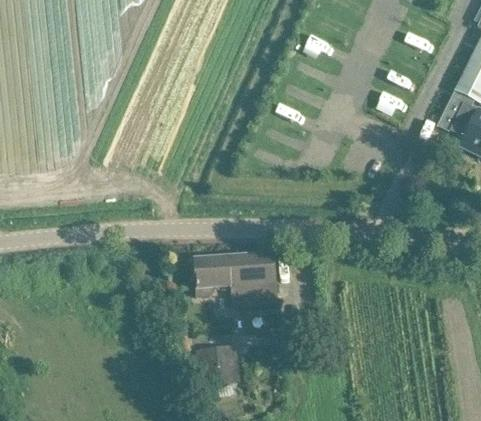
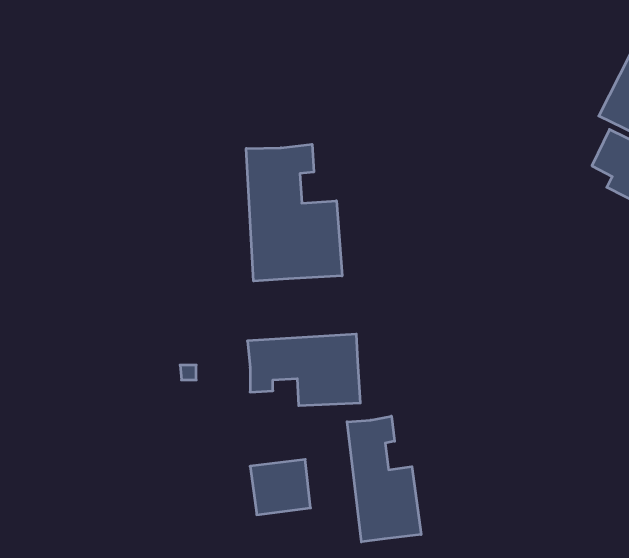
building: none -> [246,144,342,281]
building: none -> [347,416,421,542]

